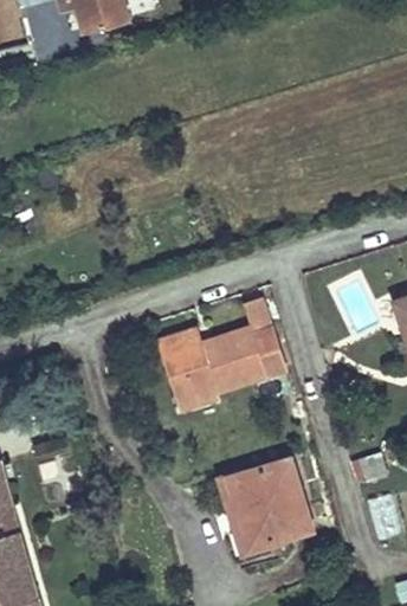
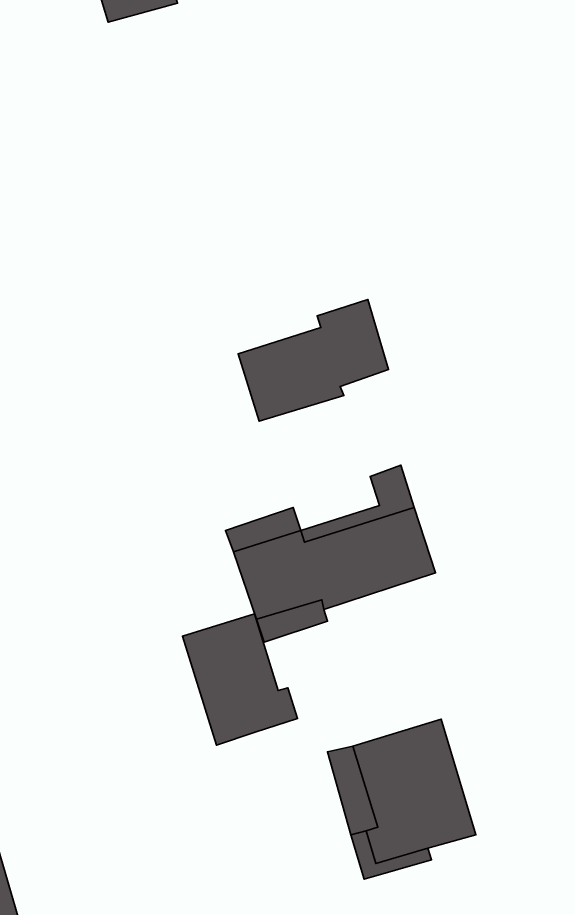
building: none -> [238,300,389,421]
building: none -> [182,614,297,745]

